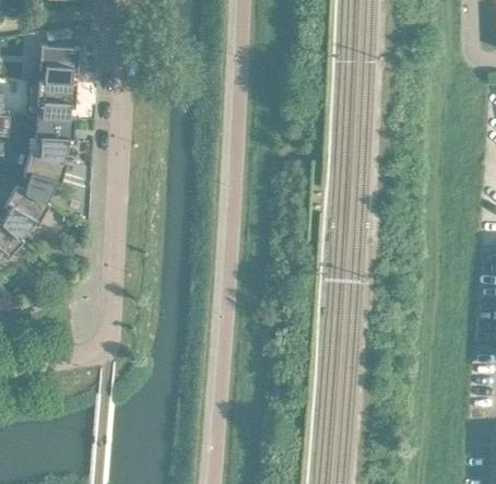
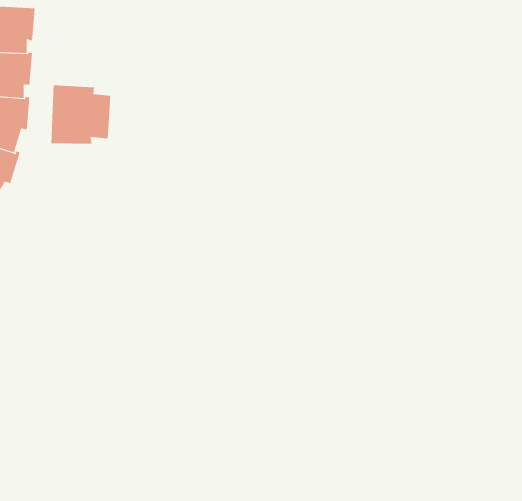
building: none -> [51,84,111,144]

